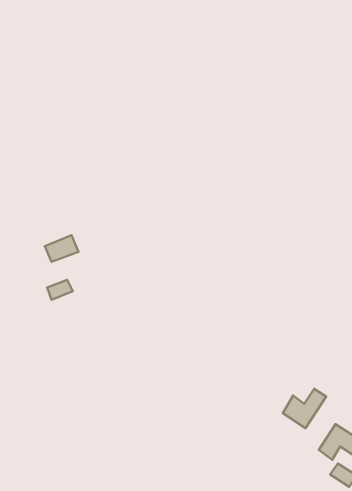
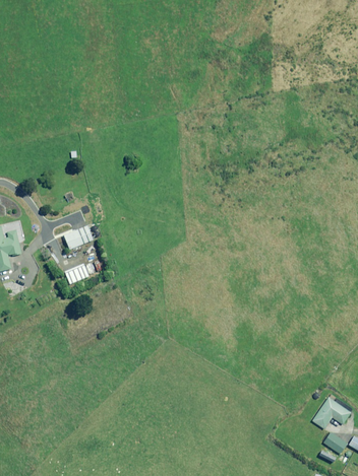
building: [283,389,326,428] -> none

